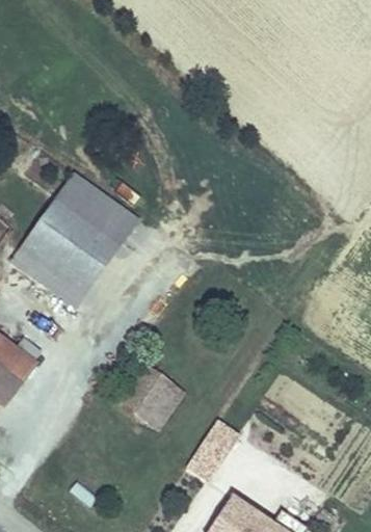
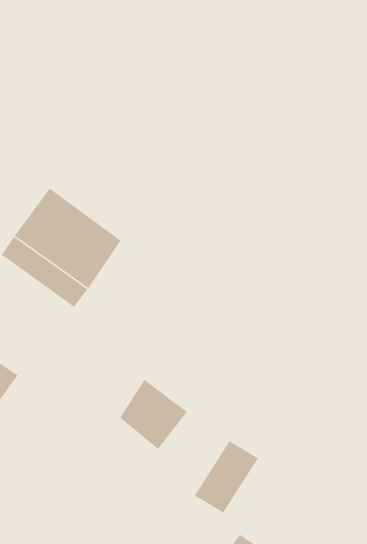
building: [58,170,138,241] -> none

